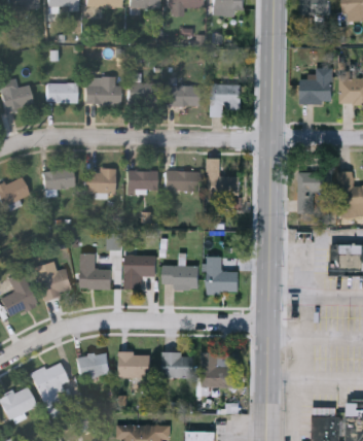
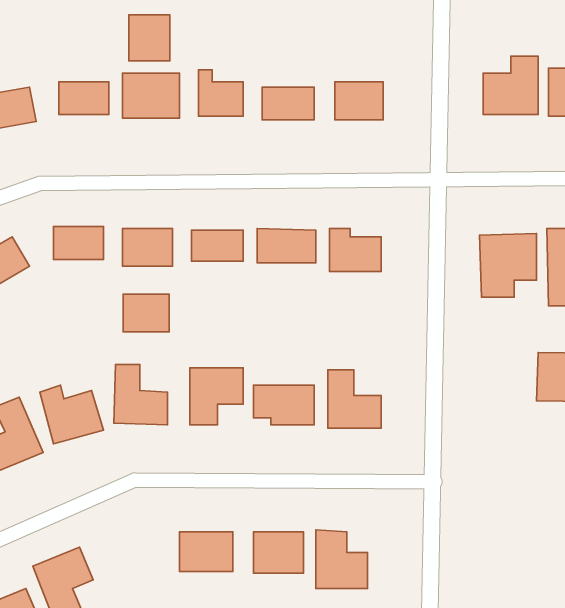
building: none -> [129,15,170,61]
building: none -> [123,294,169,332]
building: [76,352,109,378] -> none

